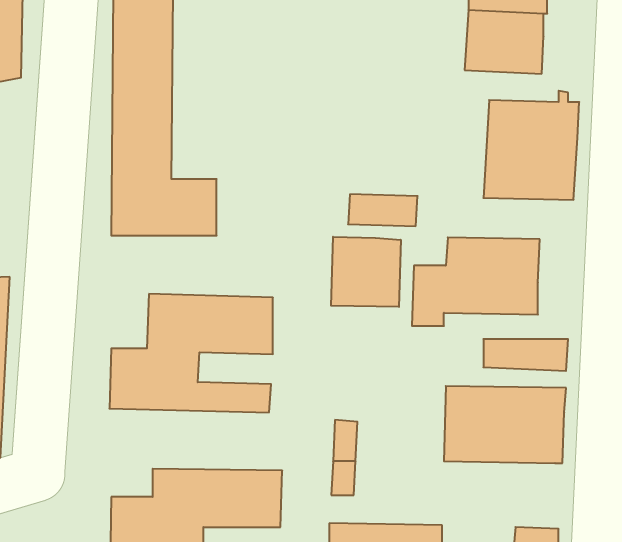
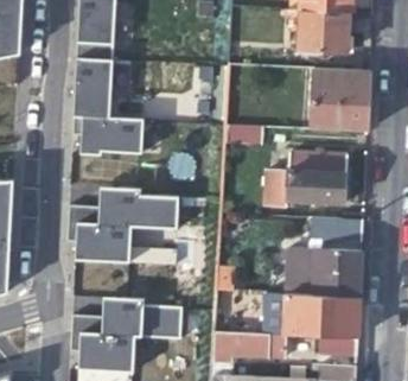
building: [331,237,401,307] -> none
building: none -> [285,296,355,335]

